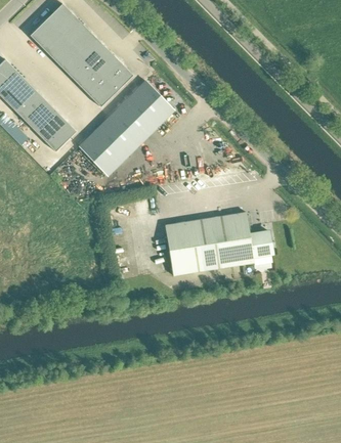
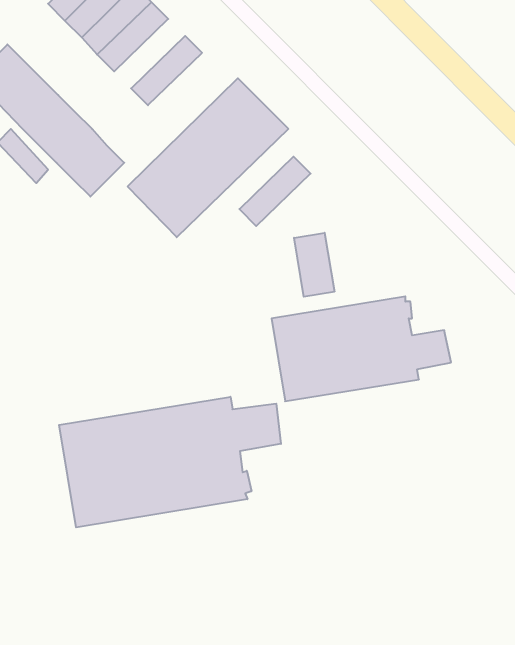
building: [70,44,113,86] -> none
building: [90,64,133,106] -> [239,157,311,226]
building: none -> [294,233,334,297]
building: none -> [59,397,281,527]

